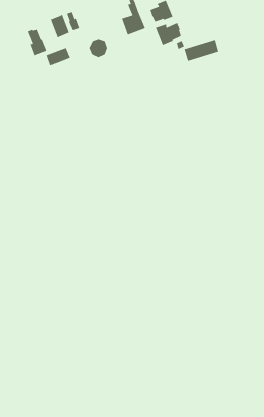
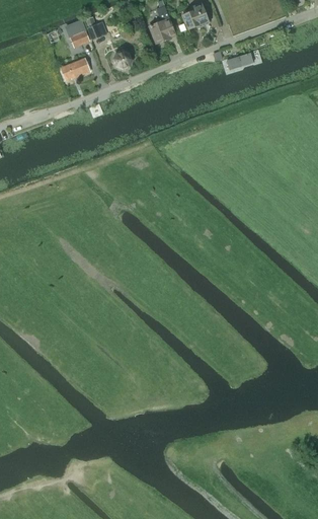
building: [155,22,182,46] -> none
building: [27,29,47,56] -> none

